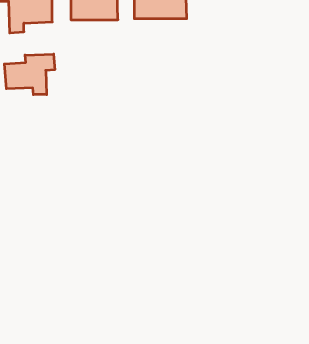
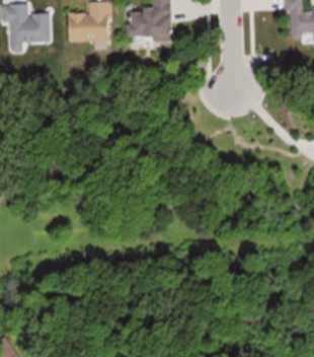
building: [4,54,55,95] -> none

